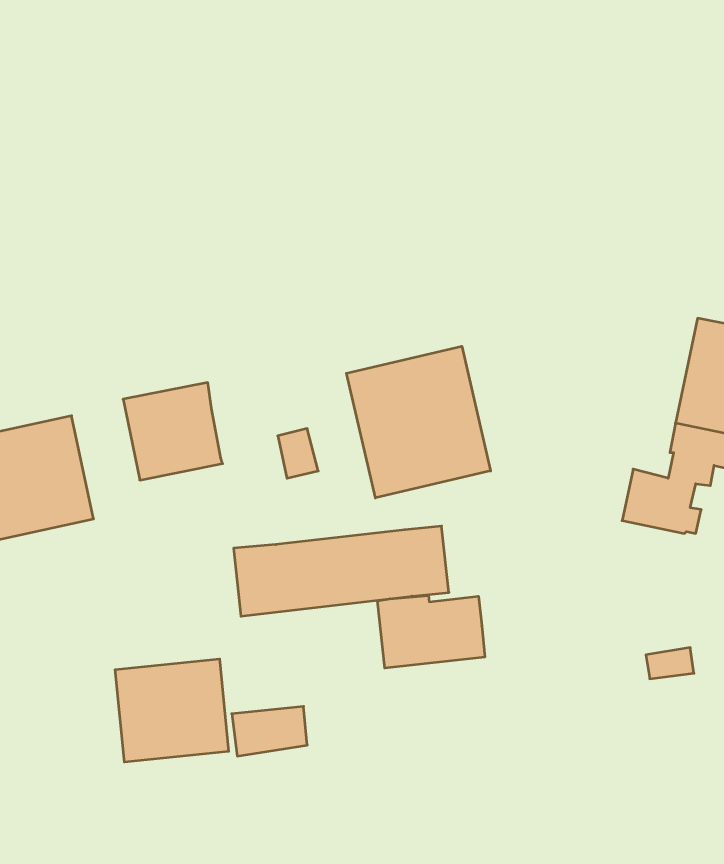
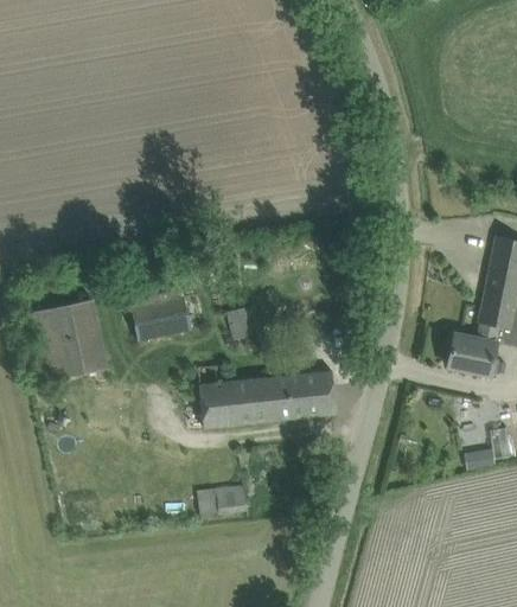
building: [346,346,491,498] -> none
building: [378,595,485,668] -> none
building: [115,659,229,762] -> none

